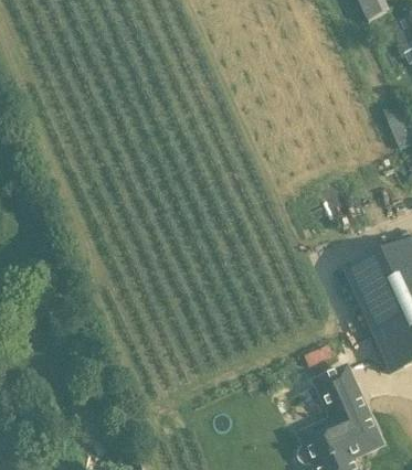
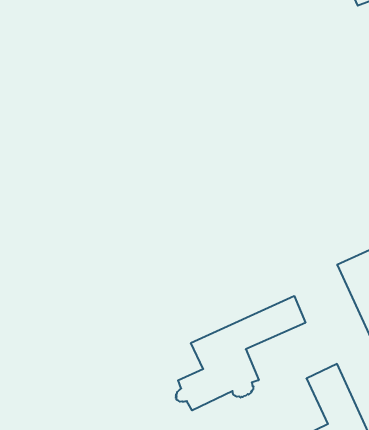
building: none -> [176,296,305,410]

